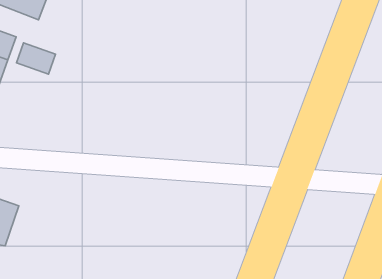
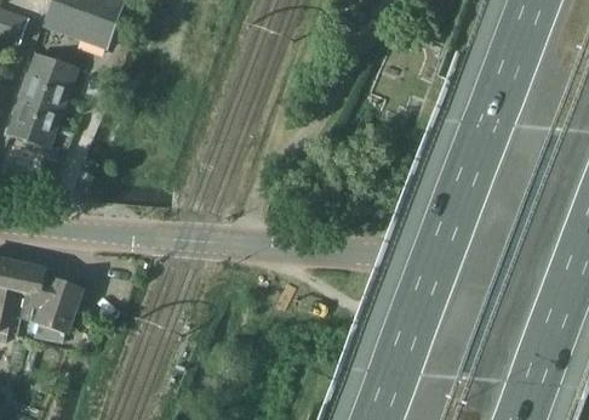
building: [17,43,56,74] -> none

